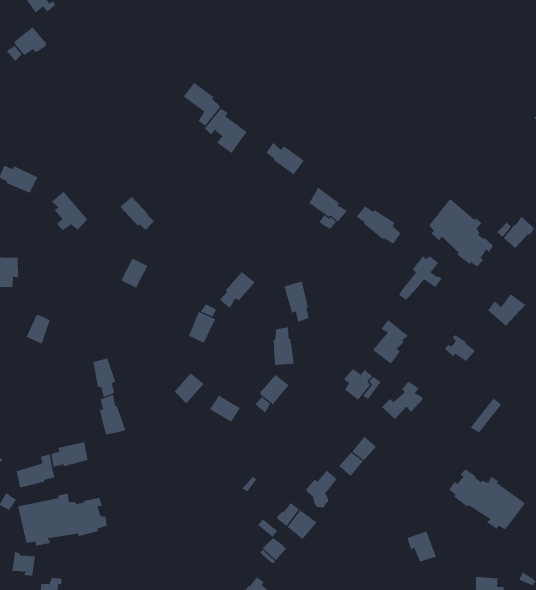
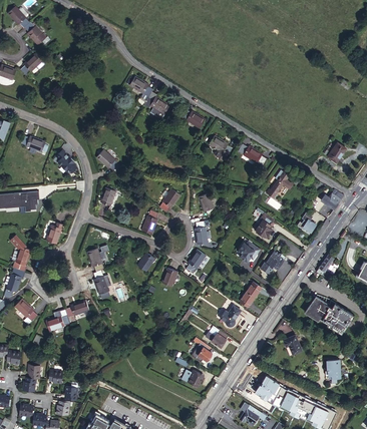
building: [428,198,494,267] -> none
building: [18,493,108,546] -> none

